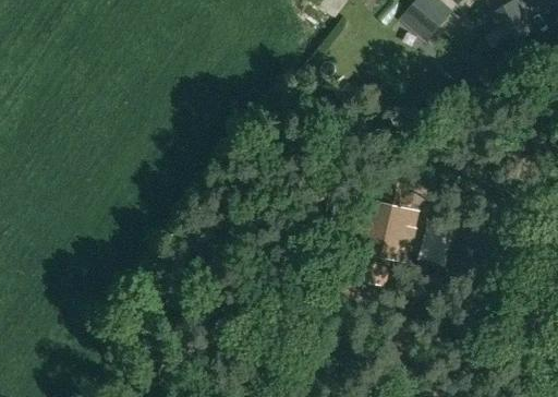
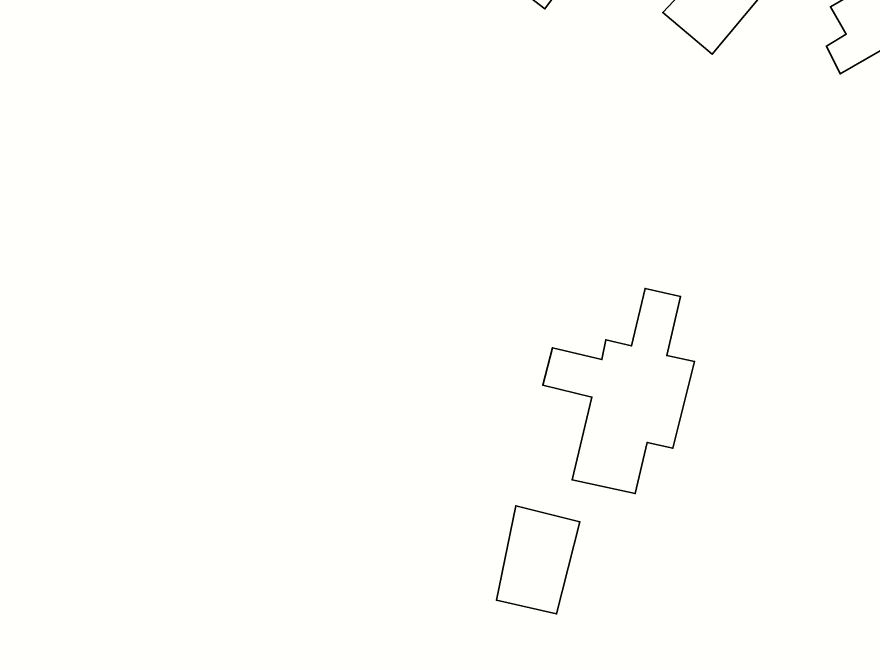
building: none -> [496,506,580,614]

